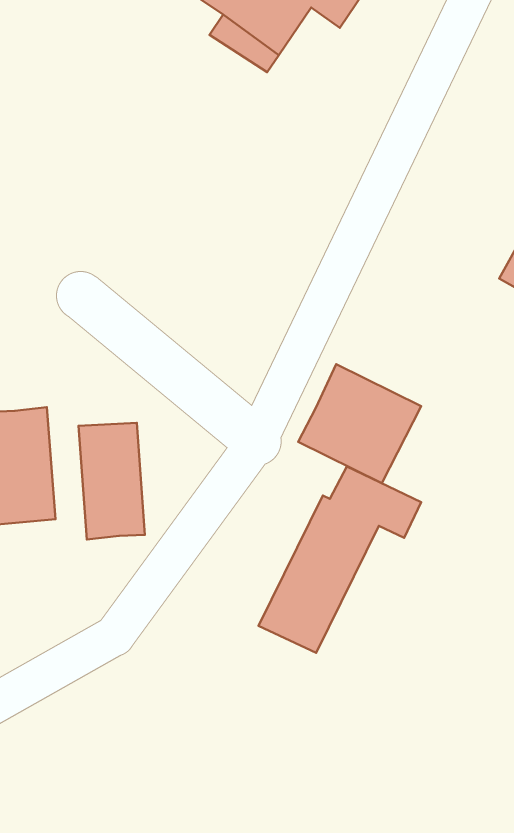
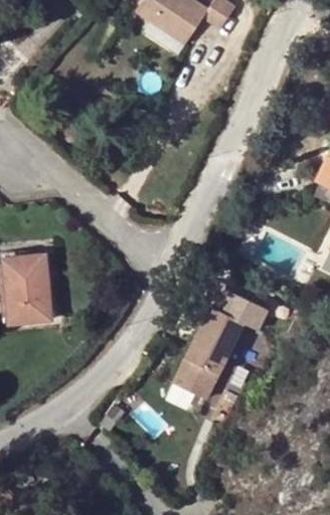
building: [298,364,421,483] -> none
building: [78,423,145,539] -> none

